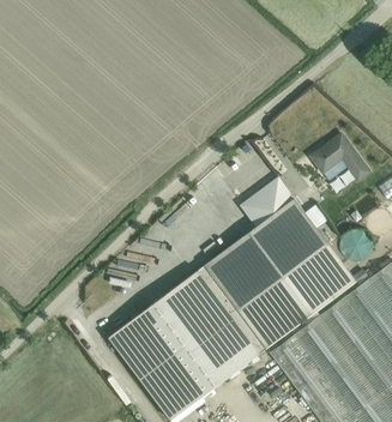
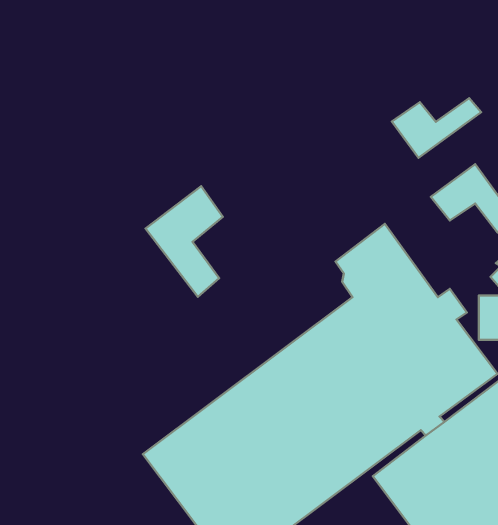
building: none -> [392,98,481,158]
building: none -> [146,186,223,297]

